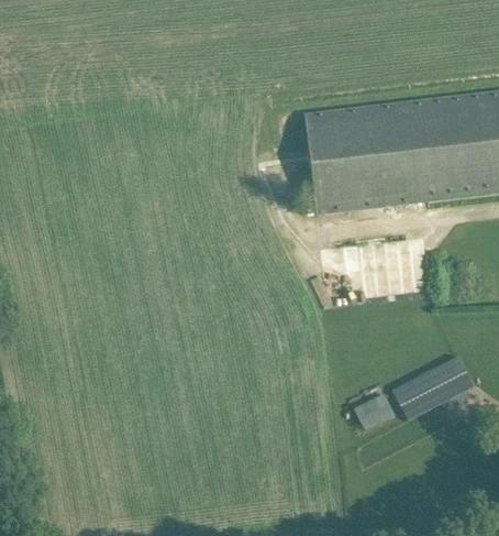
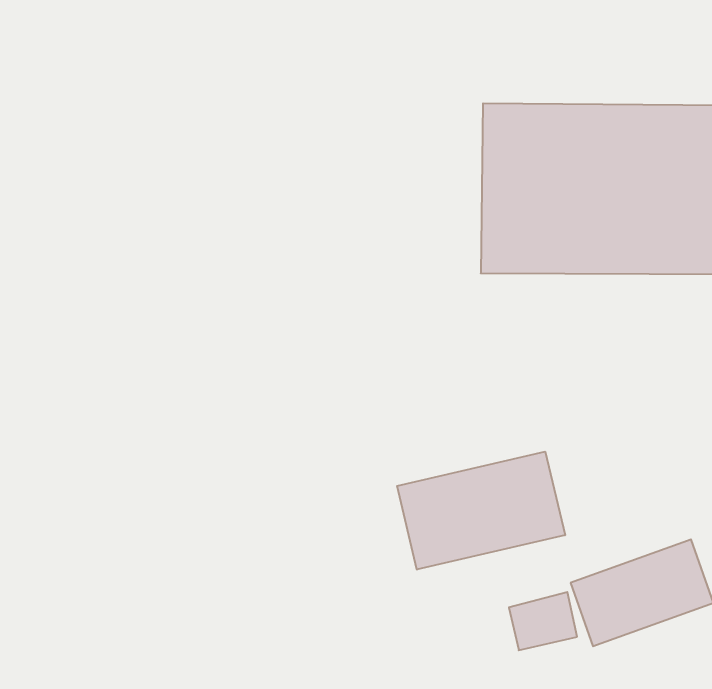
building: none -> [397,452,565,570]

